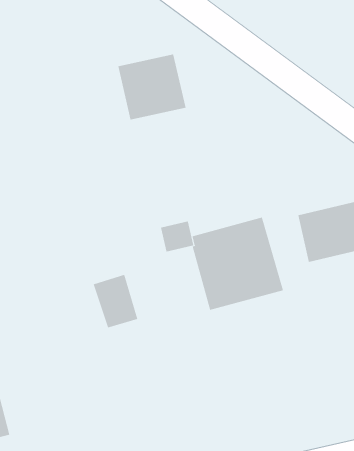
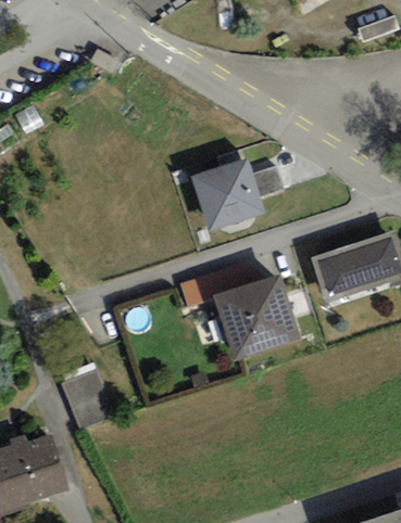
building: [117,54,186,120] -> [191,163,260,229]
building: [93,274,138,328] -> [65,373,111,425]

